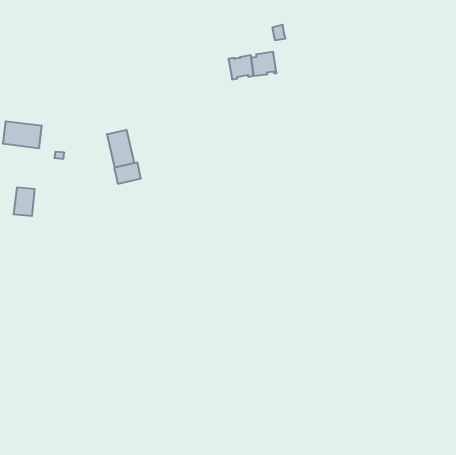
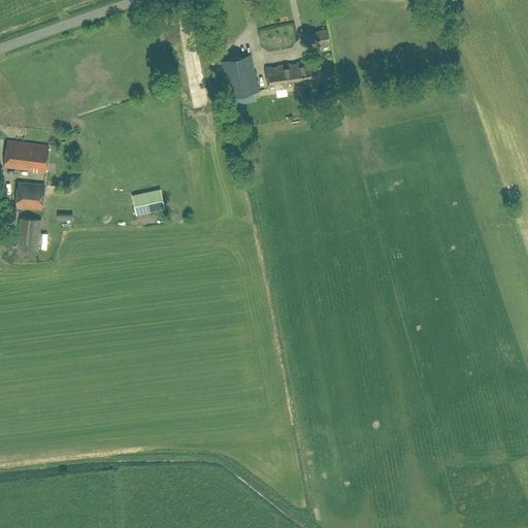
building: none -> [220,56,259,99]
building: [107,130,134,168] -> none
building: none -> [14,182,44,209]

